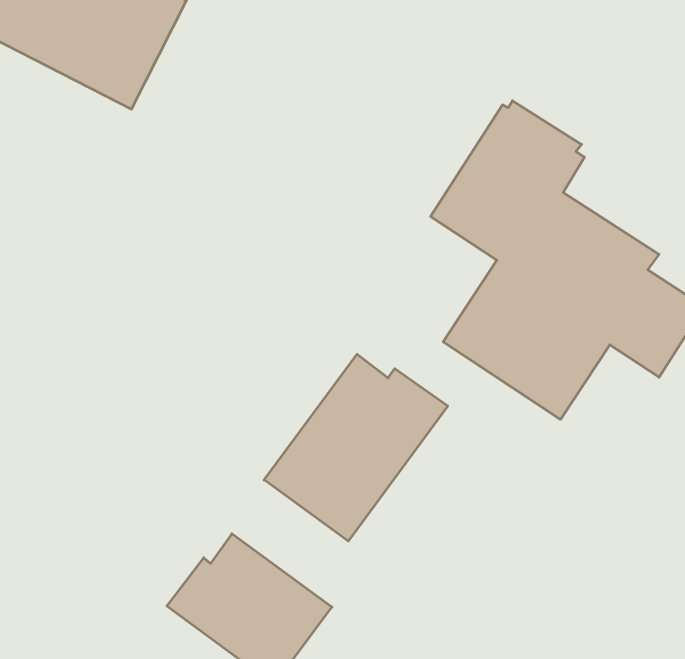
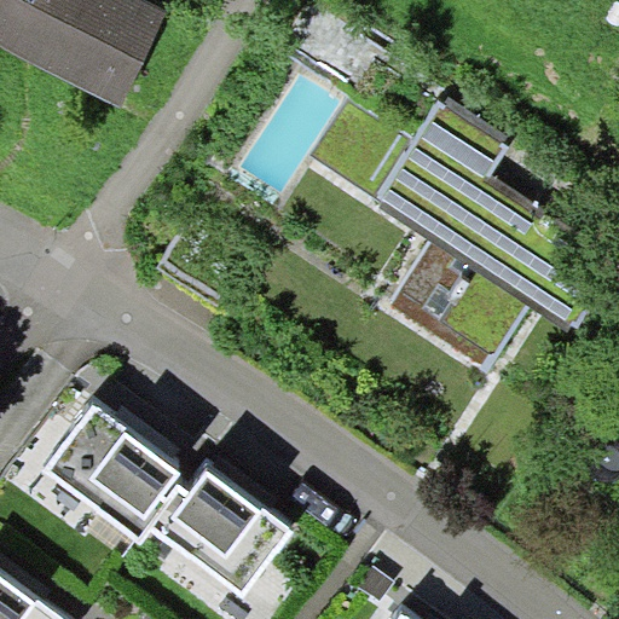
building: [264,354,448,541] -> none
building: none -> [40,404,180,543]

